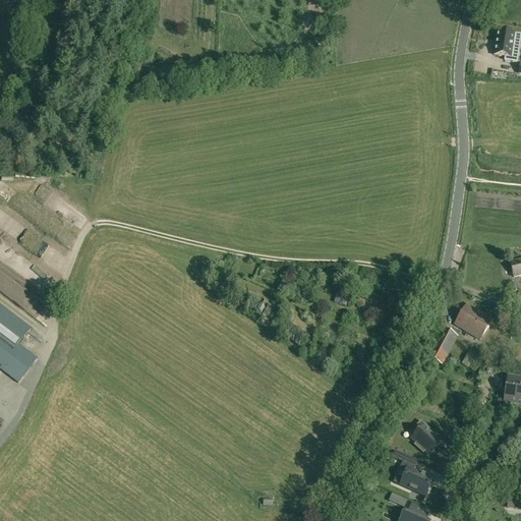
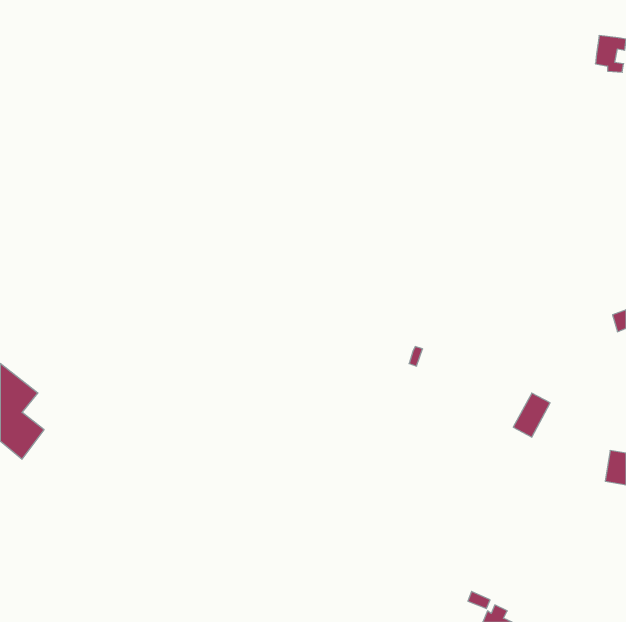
building: [454,302,493,339] -> none
building: [412,423,439,453] -> none
building: [393,450,435,500] -> none

